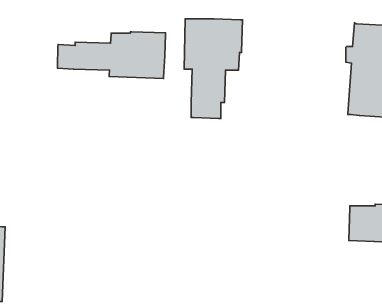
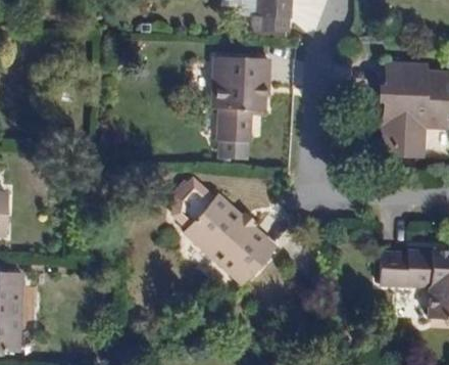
building: [57,32,166,79] -> none
building: none -> [166,175,278,287]

